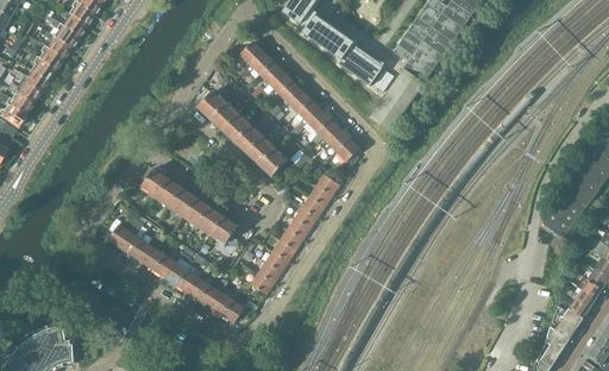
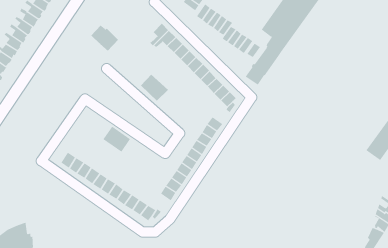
building: [197,93,238,131] -> [90,25,119,52]
building: [246,137,285,177] -> none
building: [142,169,182,207] -> none
building: [196,207,238,244] -> none

